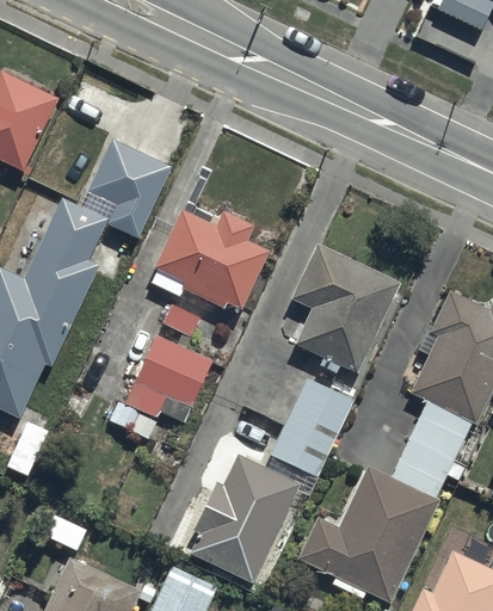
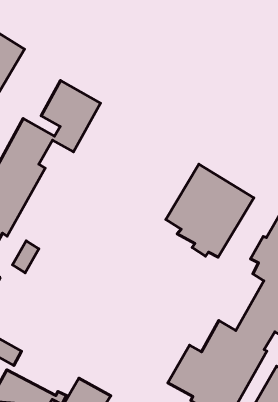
building: [148,210,269,308] -> none
building: [107,303,210,438] -> none
building: [270,379,352,479] -> none
building: [191,455,301,582] -> none

